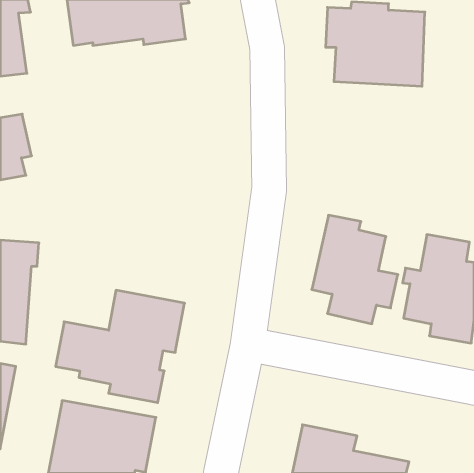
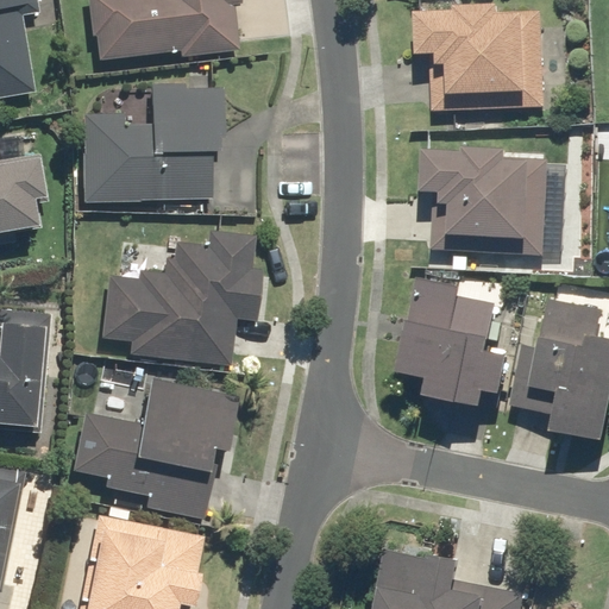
building: none -> [79,86,220,214]
building: none -> [421,145,558,257]
building: none -> [102,233,260,363]

